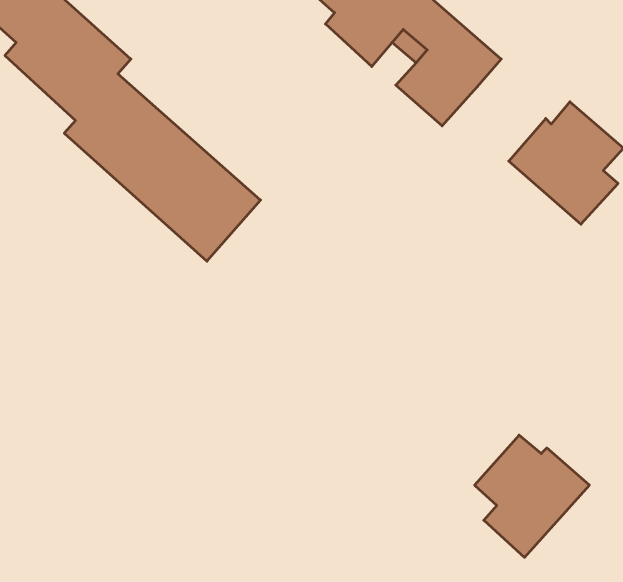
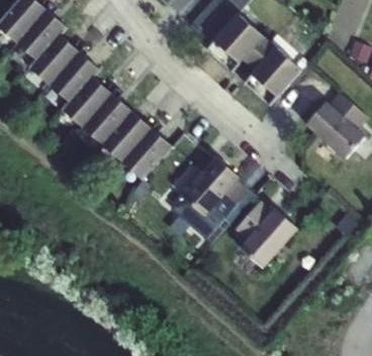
building: none -> [171,156,254,243]
building: [475,435,589,557] -> [235,201,297,267]

